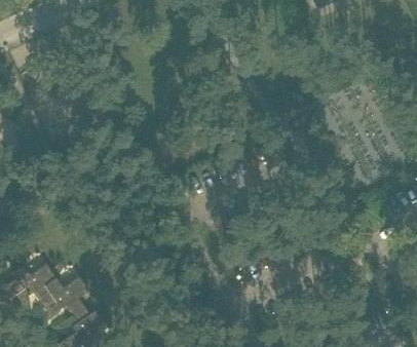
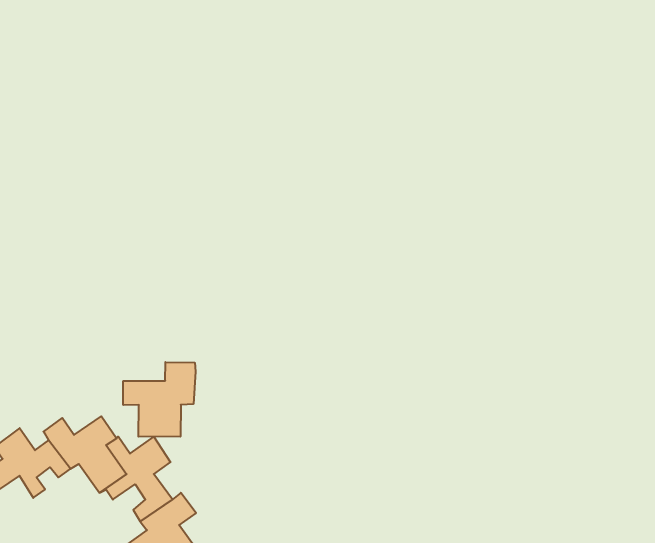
building: none -> [123,362,196,437]

